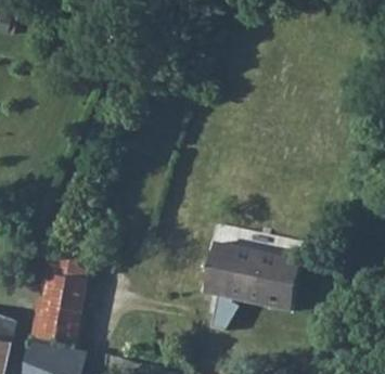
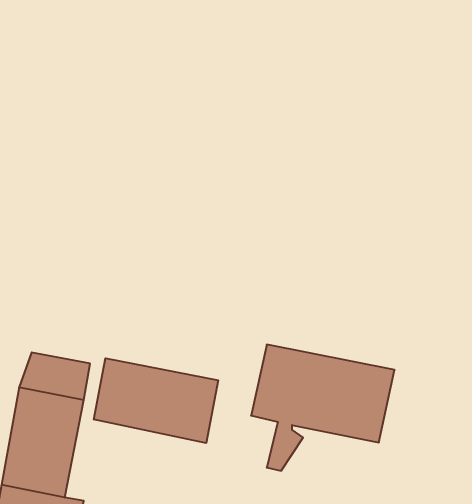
building: none -> [94,358,218,443]

